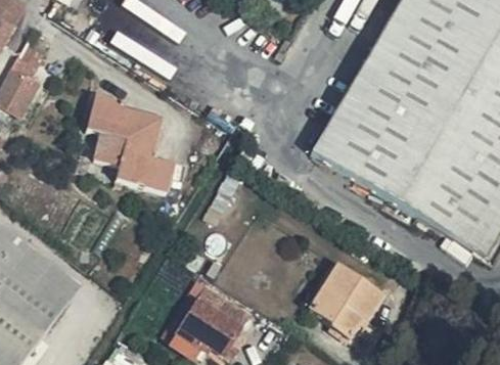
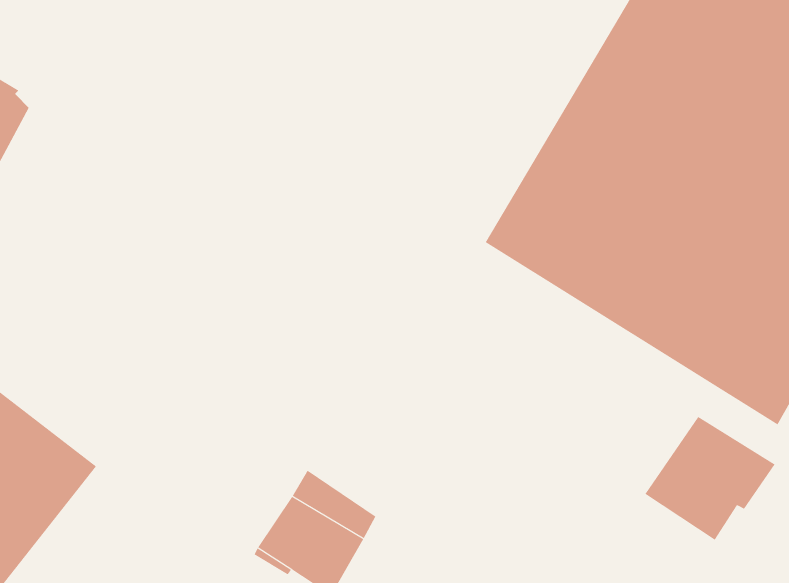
building: [85,91,175,191] -> none
building: [312,258,390,331] -> [644,416,775,540]

